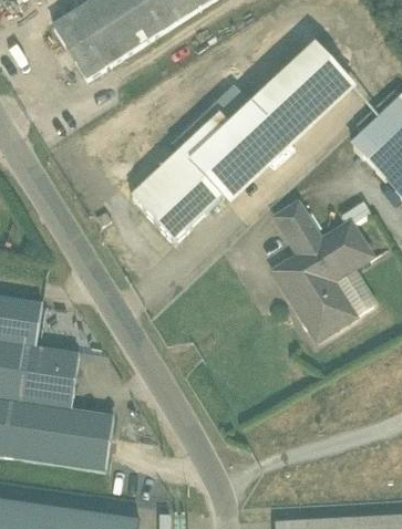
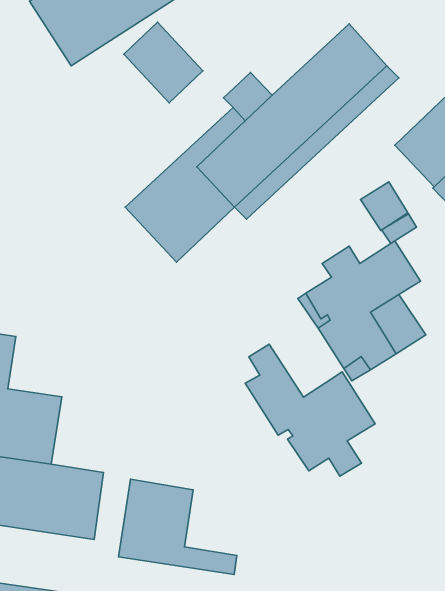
building: none -> [124,22,203,103]
building: [275,203,313,242] -> [361,182,408,230]
building: none -> [245,344,375,476]
building: none -> [119,479,237,574]

